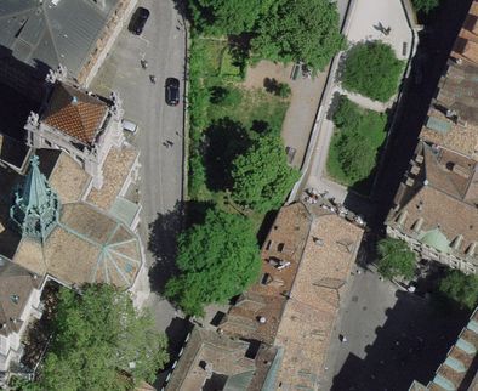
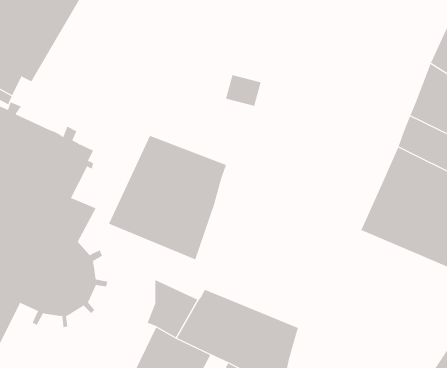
building: [57,85,109,135] -> none
building: [246,204,358,322] -> [108,135,227,260]

